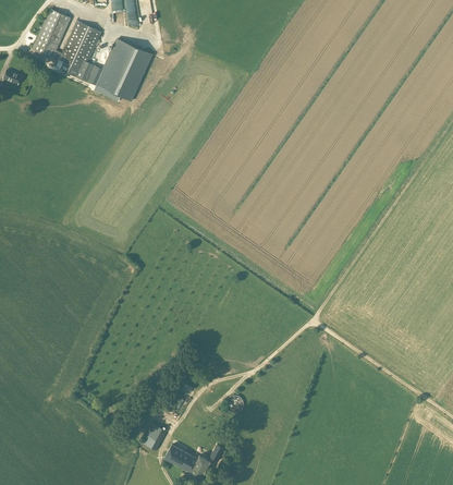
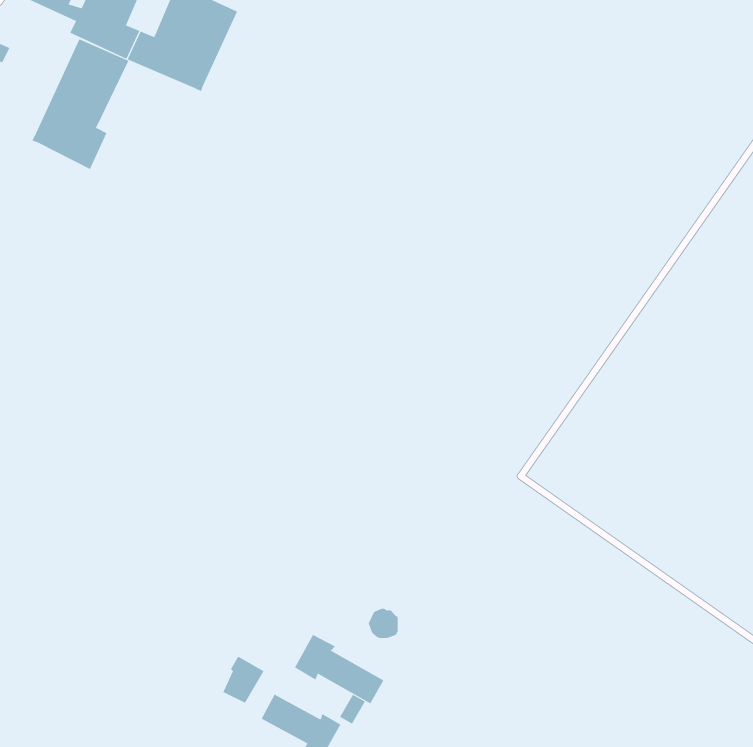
building: none -> [32,38,129,170]
building: none -> [294,634,384,704]

